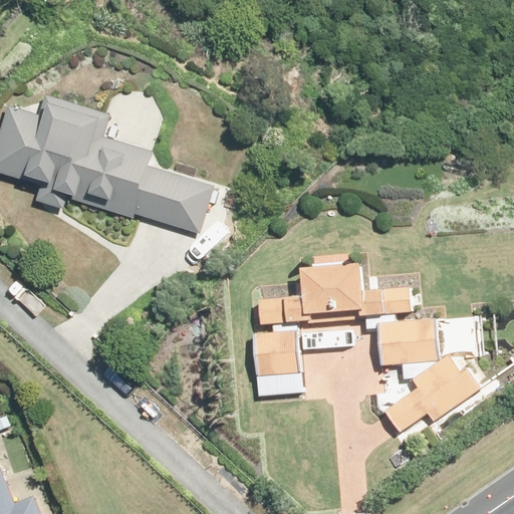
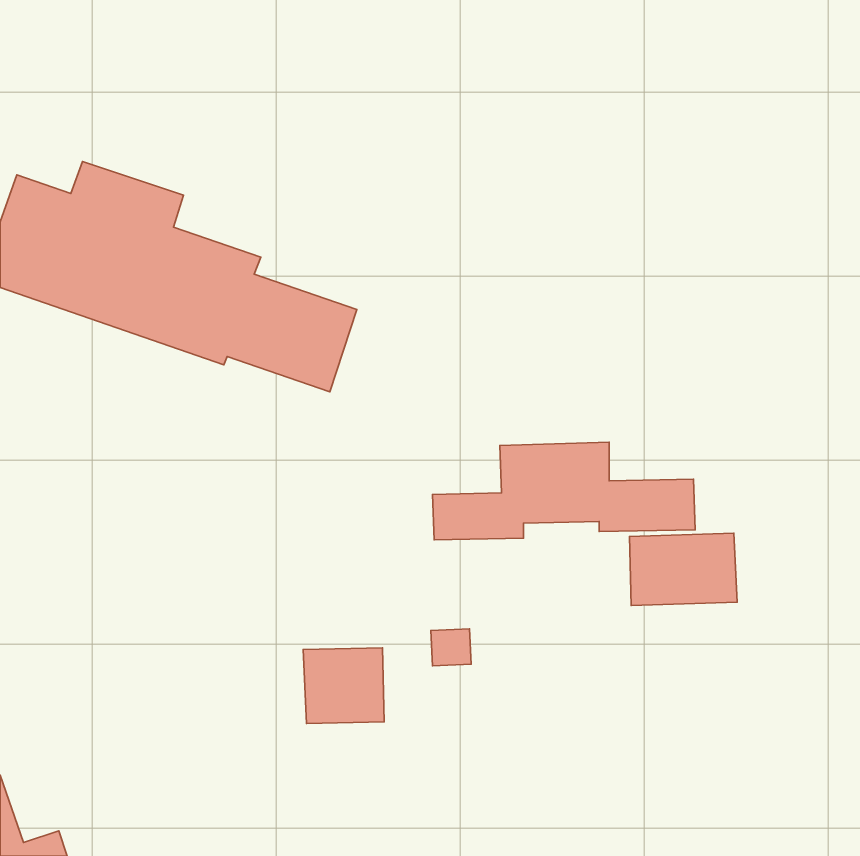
building: [252,326,300,371] -> [303,648,384,724]
building: [382,350,480,436] -> none

